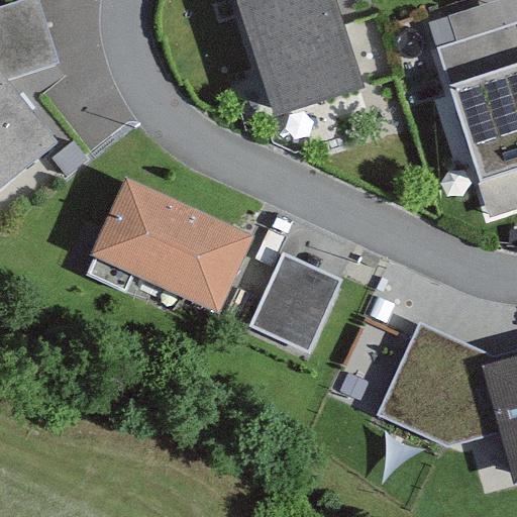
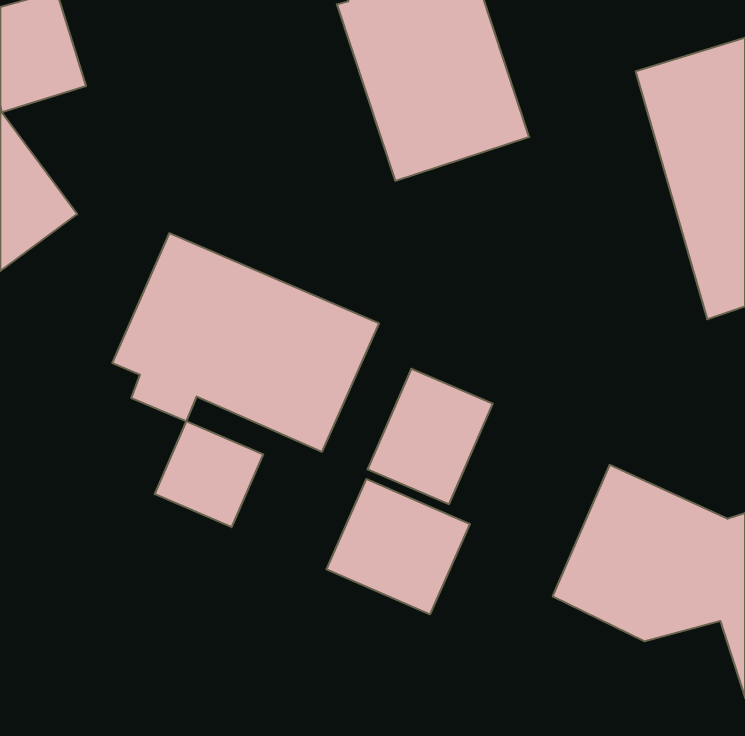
building: none -> [155,421,263,527]
building: none -> [327,479,470,614]

